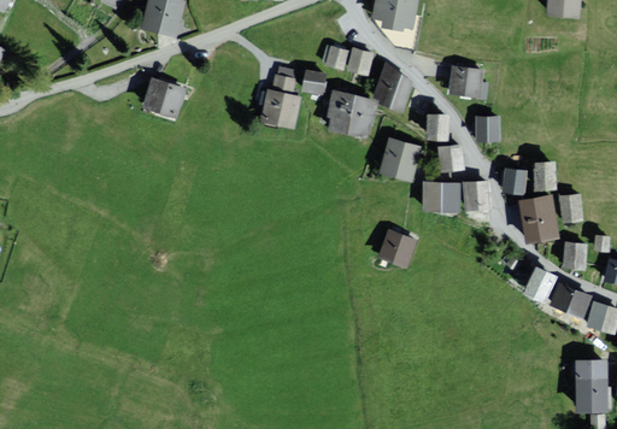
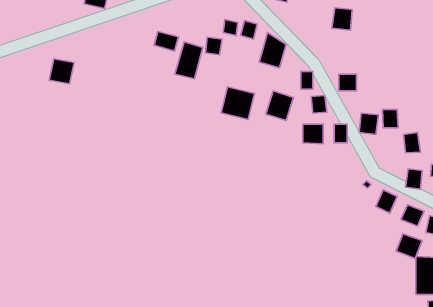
building: none -> [154,32,178,51]
building: [453,66,480,95] -> [332,8,352,30]
building: [146,83,178,116] -> [49,59,74,84]
building: [328,92,371,134] -> [221,87,254,119]
building: [522,198,554,240] -> none
building: [381,233,413,264] -> none
building: none -> [396,234,422,258]

